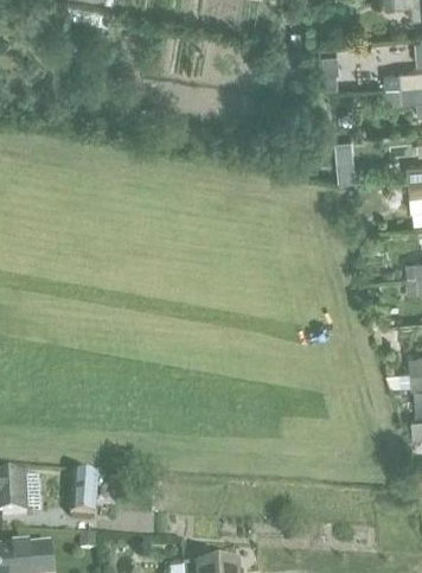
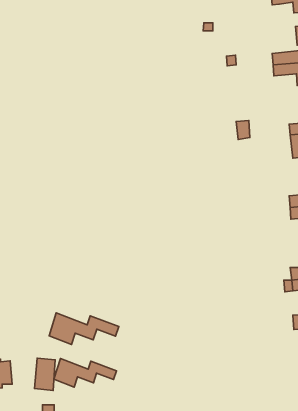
building: none -> [49,313,119,345]
building: none -> [54,359,116,387]

